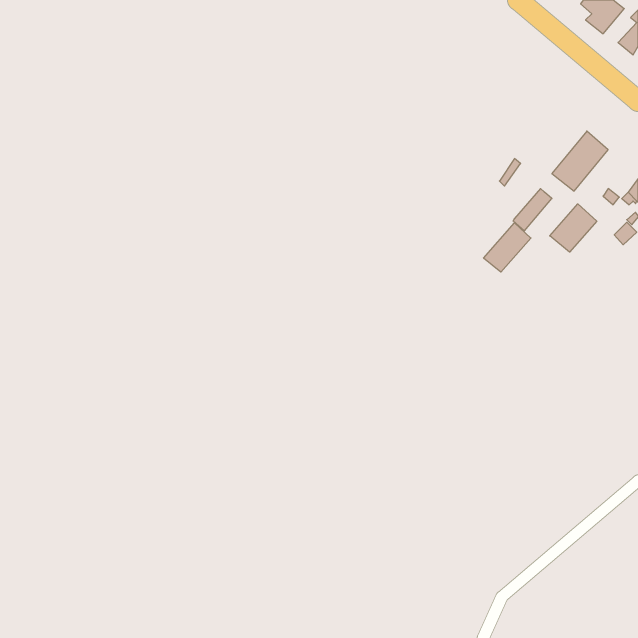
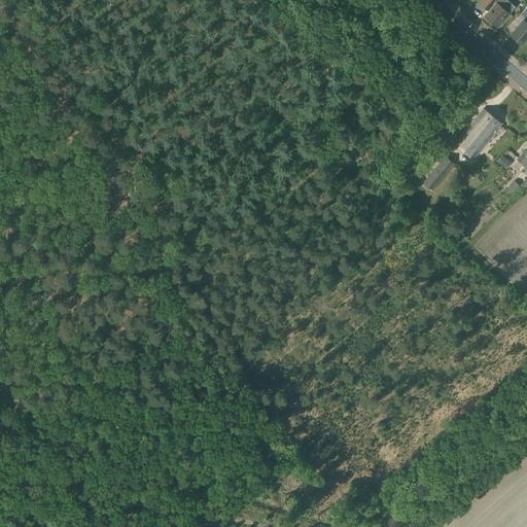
building: [550,204,597,252] -> none
building: [484,223,531,272] -> none

